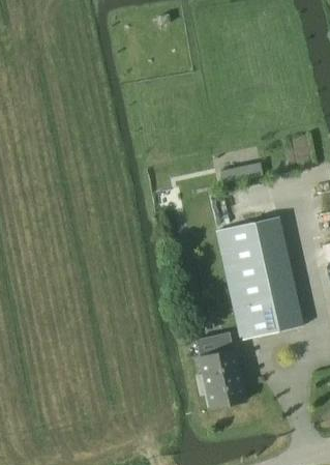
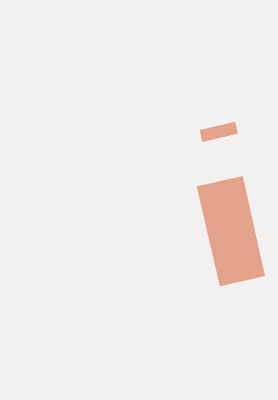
building: [198,342,245,408] -> none

